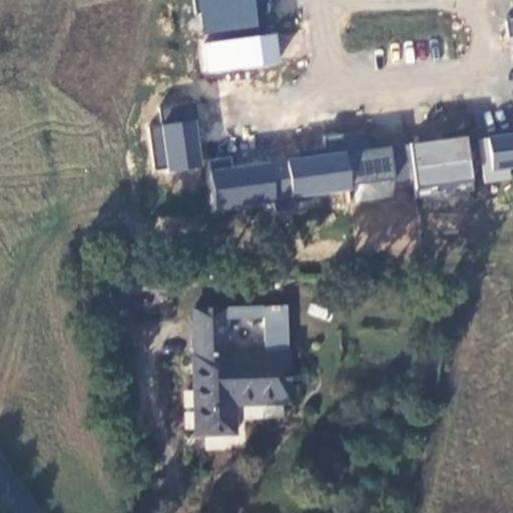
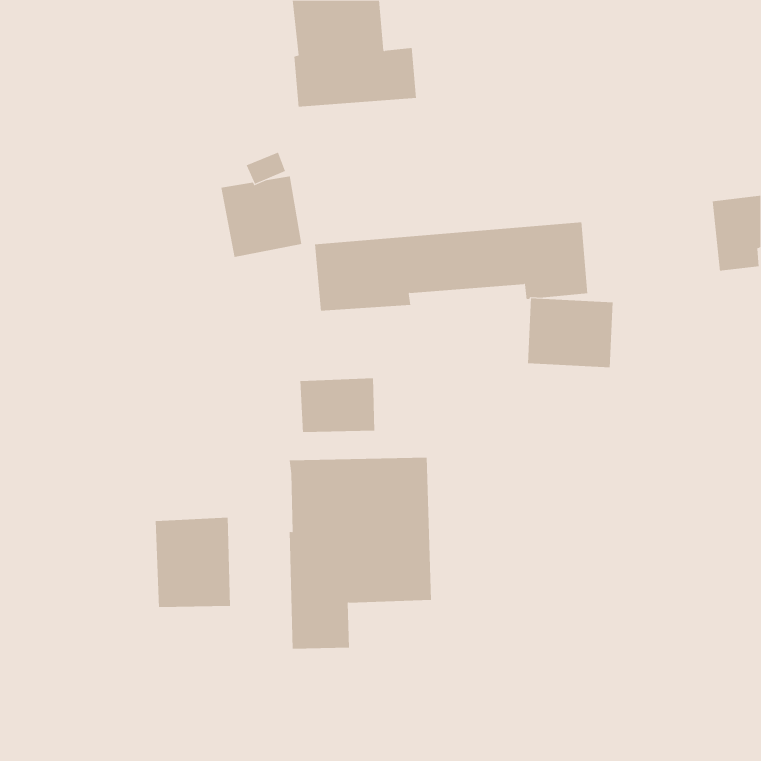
building: [412,137,473,188] -> none
building: none -> [300,378,375,433]
building: none -> [155,517,231,608]

